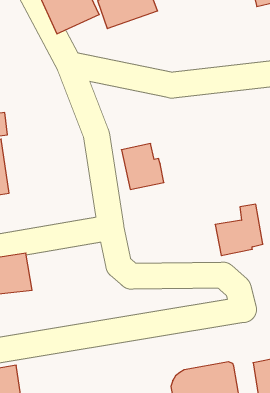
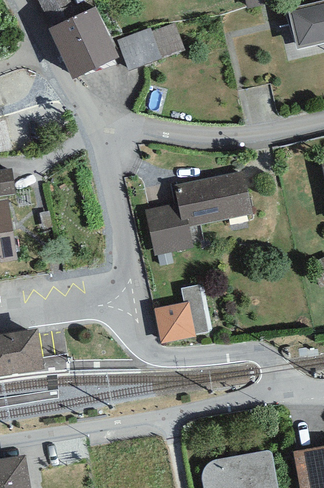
building: none -> [174,171,253,226]
building: [215,204,263,256] -> [153,285,207,343]

